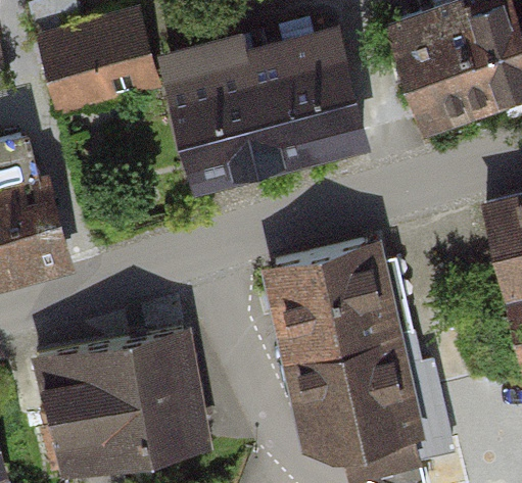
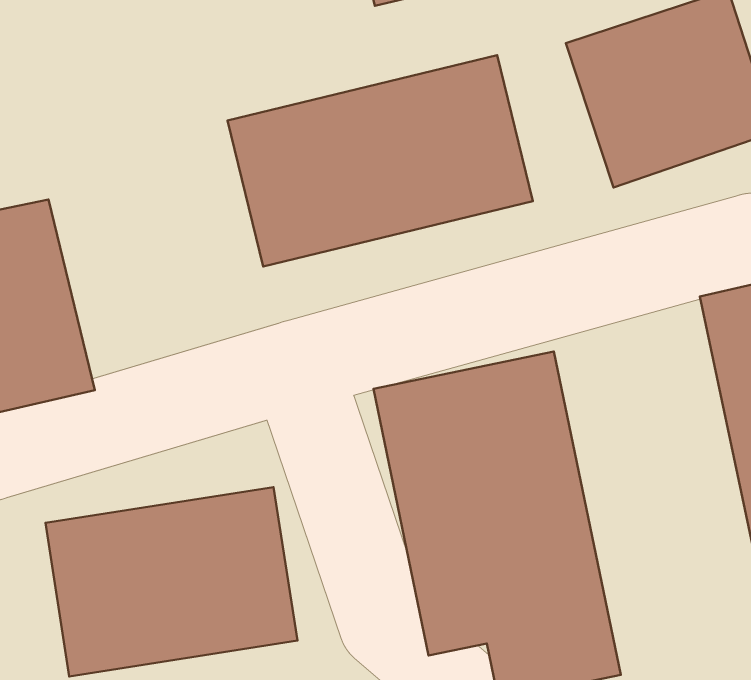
building: [41,19,149,102] -> none

